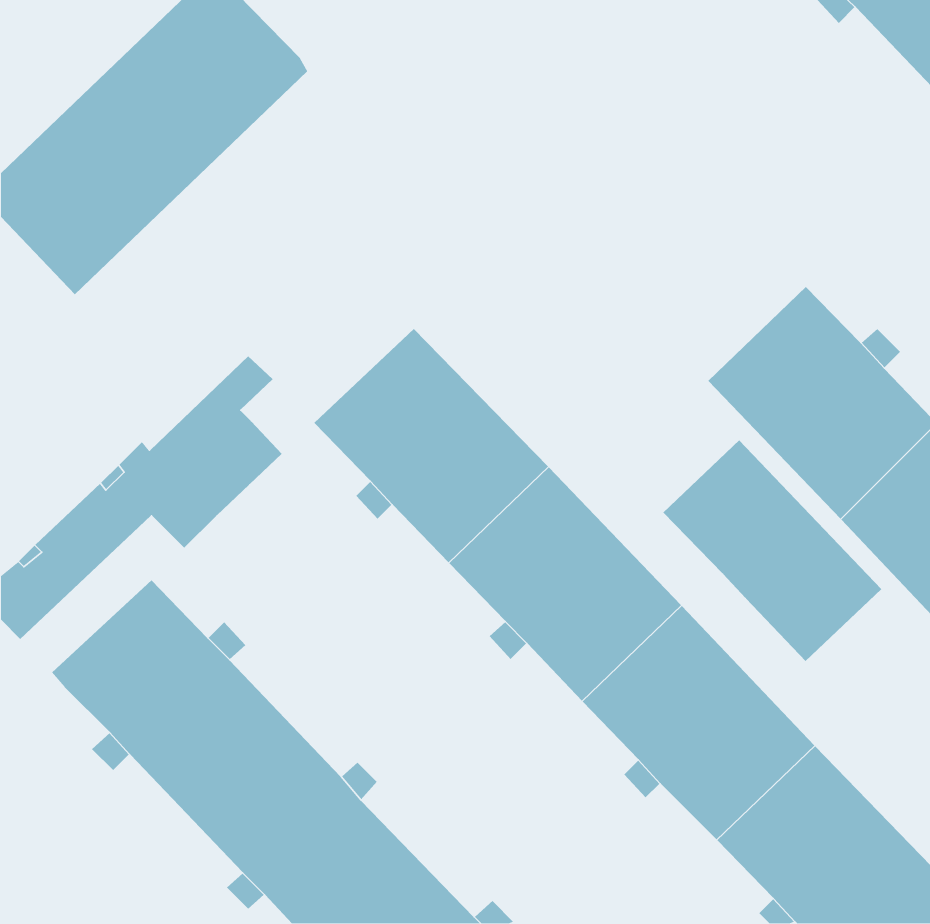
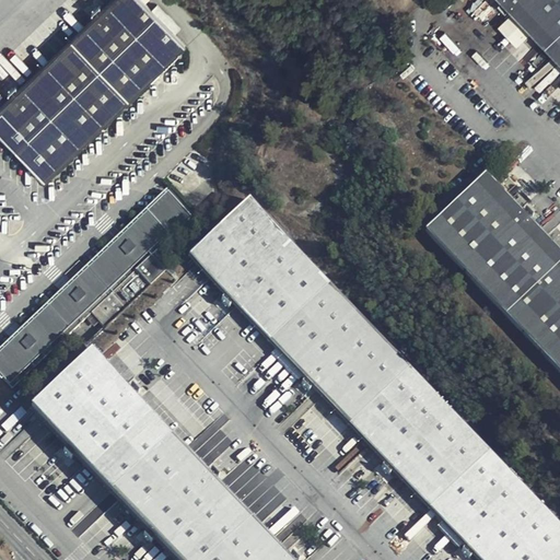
building: none -> [86,189,190,270]
building: [663,440,882,662] -> none

